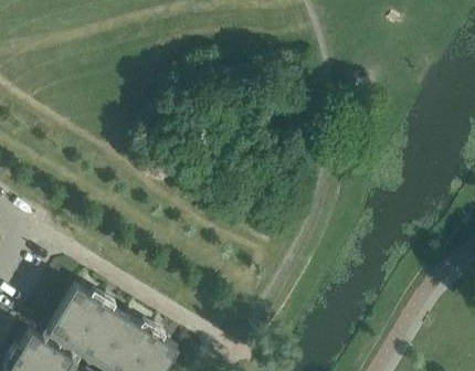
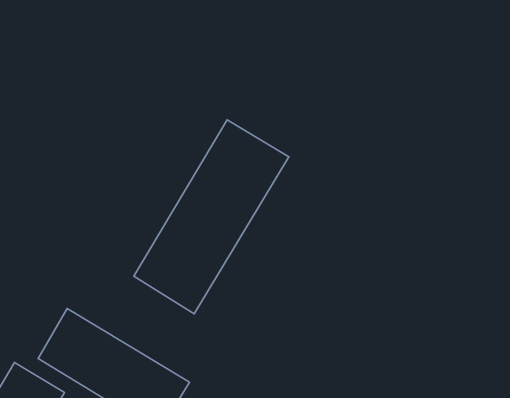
building: none -> [134,120,289,314]

